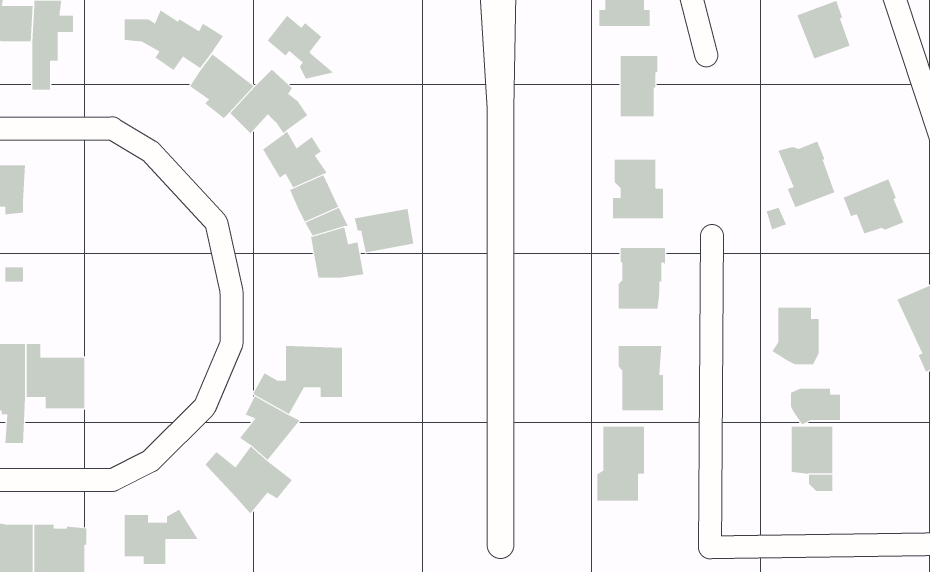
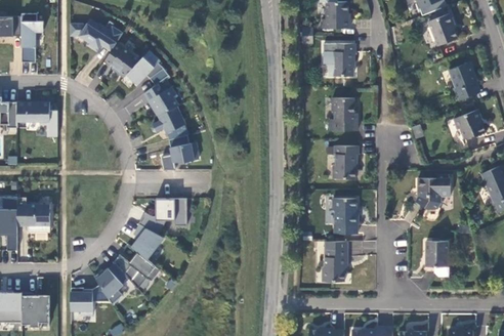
building: [267,15,335,80] -> none
building: [777,141,835,208] -> [449,64,479,99]
building: none -> [16,101,49,124]
building: [354,208,414,253] -> none
building: [790,388,841,425] -> none
building: none -> [93,262,129,304]

